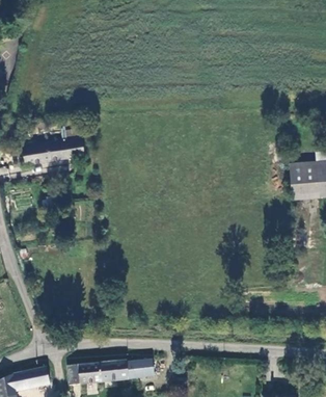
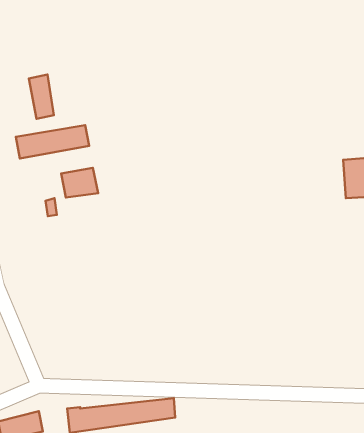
building: none -> [29,74,54,119]
building: none -> [61,168,98,198]

